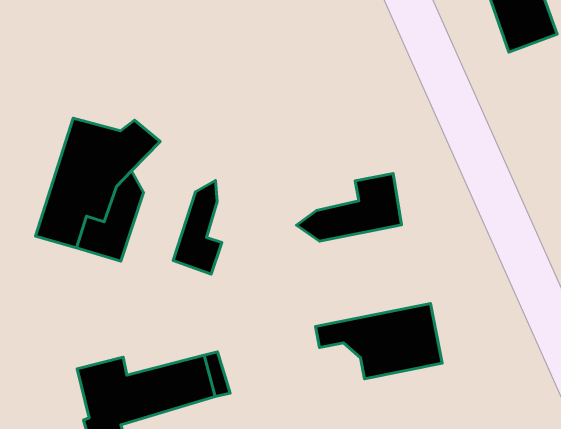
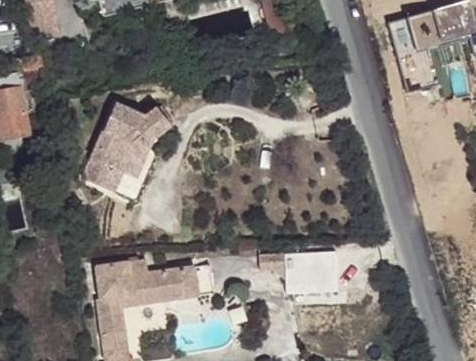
building: [296,174,402,241] -> none
building: [173,180,222,274] -> none

